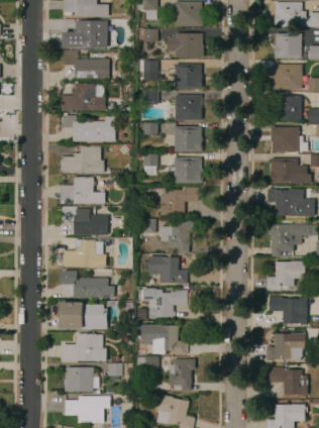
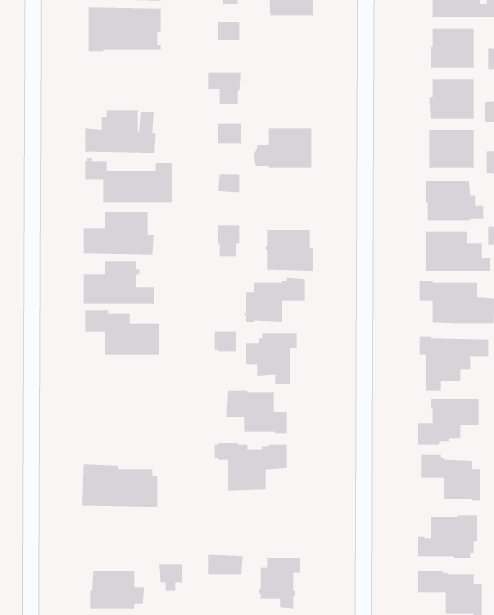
building: [168,33,204,58] -> none
building: [64,51,109,79] -> none
building: [175,64,203,89] -> none
building: [174,126,203,152] -> none
building: [63,239,106,268] -> none
building: [62,271,114,298] -> none
building: [135,324,186,354] -> none
building: [63,334,106,361] -> none

